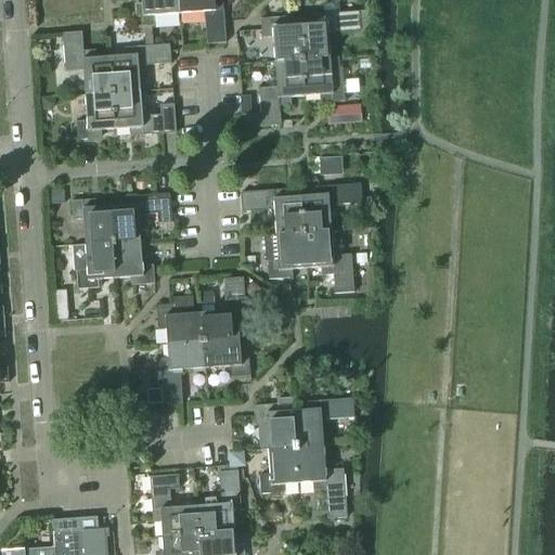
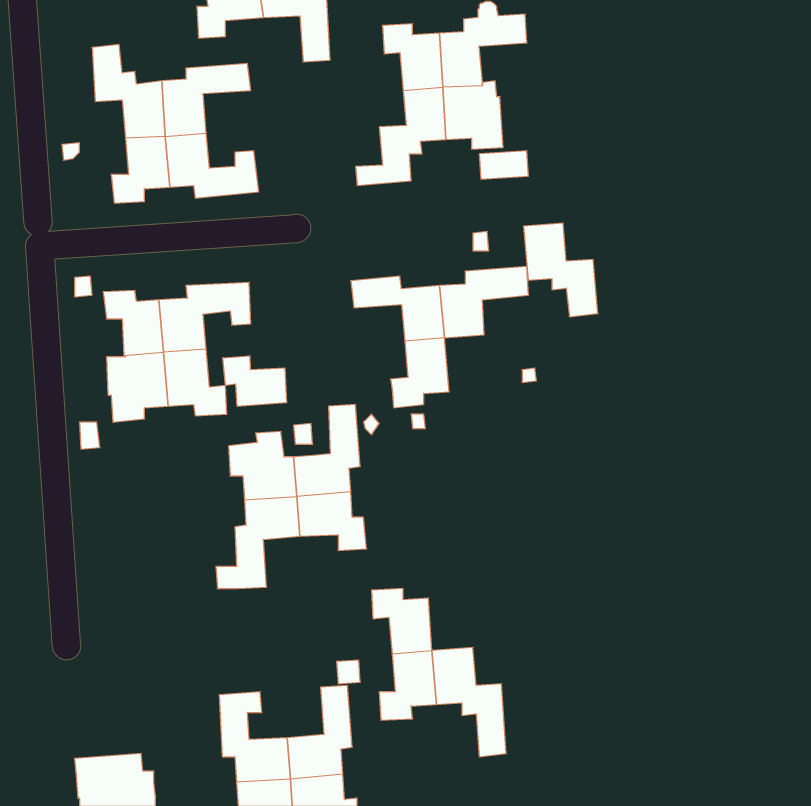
building: [304,229,354,293] -> [523,223,598,317]
building: none -> [223,356,287,406]
building: [293,397,353,444] -> none

